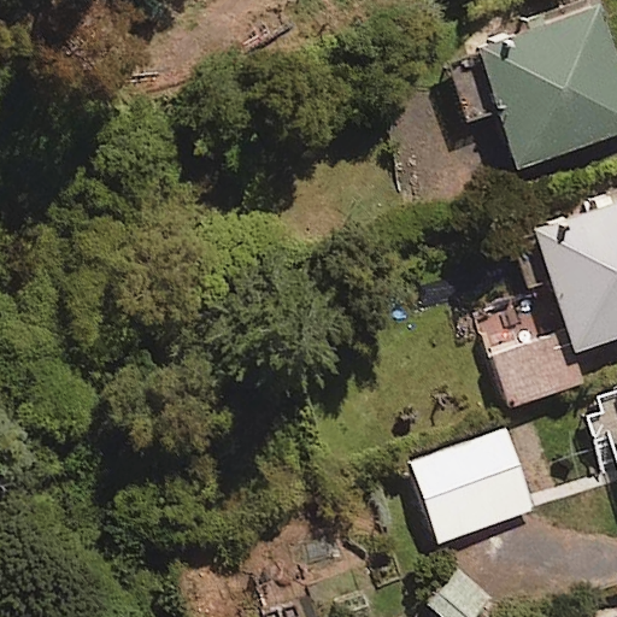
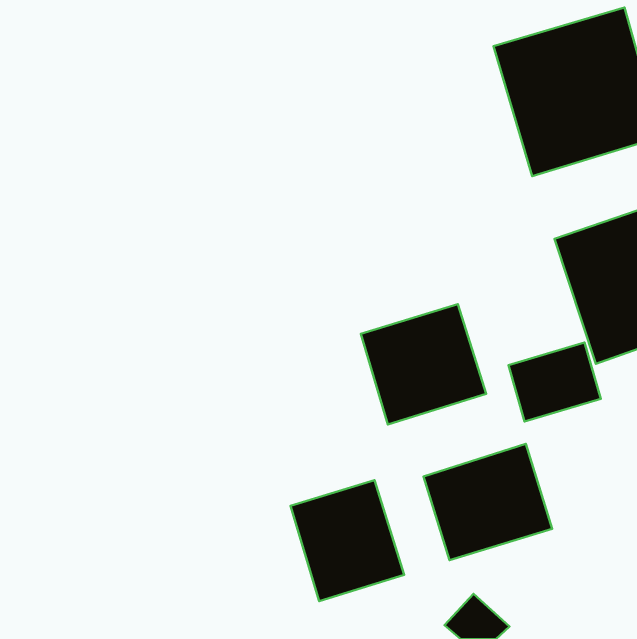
building: none -> [361,304,486,424]
building: none -> [290,480,404,601]

